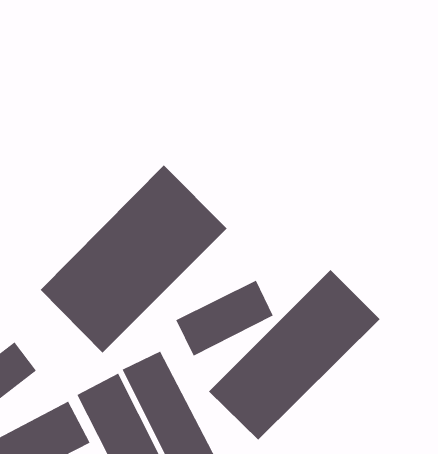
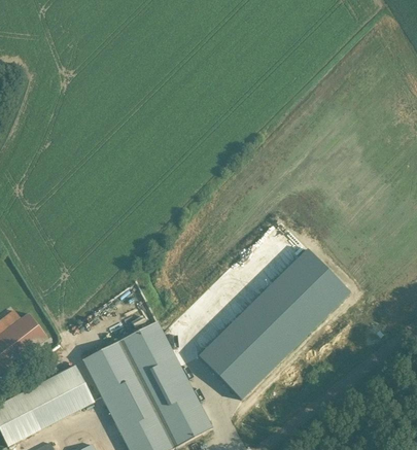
building: [40,165,228,354] -> none
building: [176,280,274,356] -> none

